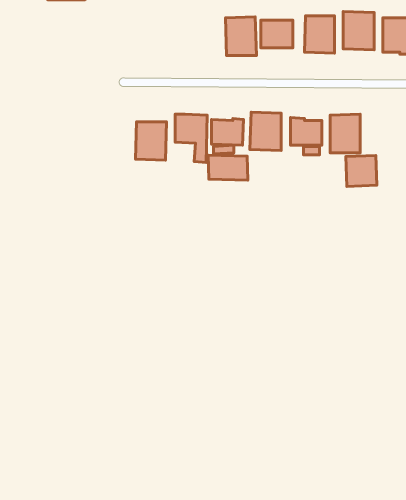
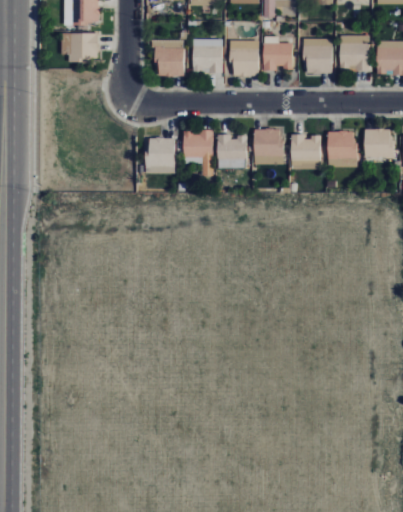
building: none -> [61,33,98,61]
building: none -> [192,39,222,73]
building: none -> [153,40,184,77]
building: [208,155,248,180] -> none
building: [346,155,377,186] -> [364,129,393,158]

